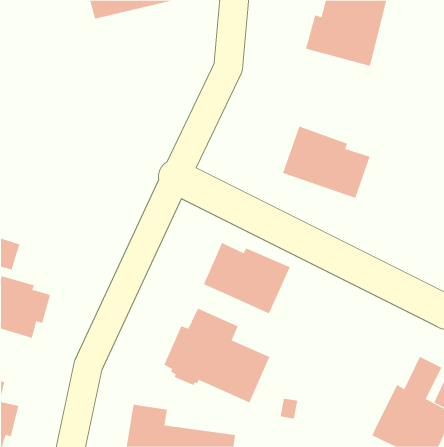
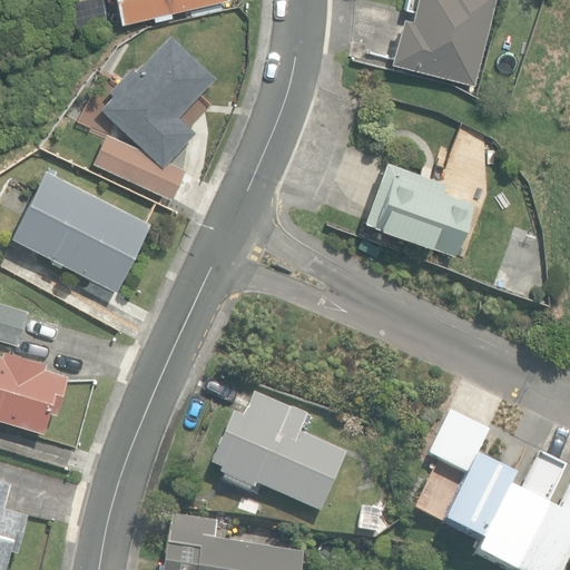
building: none -> [95,35,216,198]
building: none -> [12,169,151,289]
building: [203,242,290,314] -> none
building: none -> [429,413,514,542]

